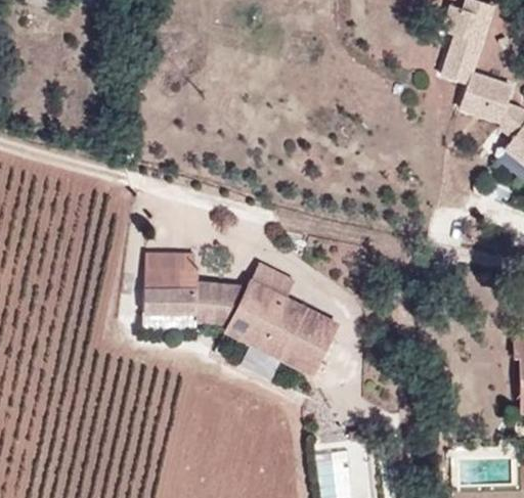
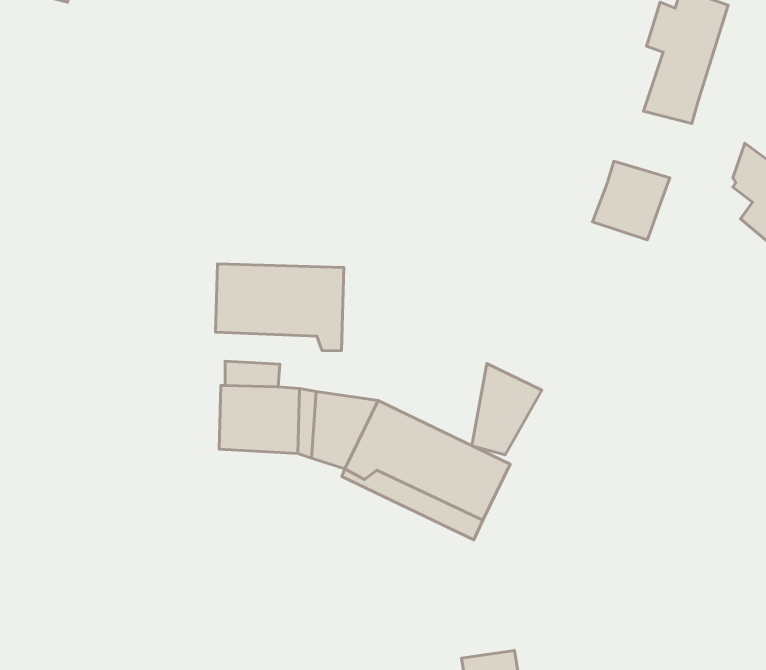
building: [460,79,512,132] -> [592,161,670,240]
building: none -> [216,264,344,351]
building: none -> [472,363,542,455]

